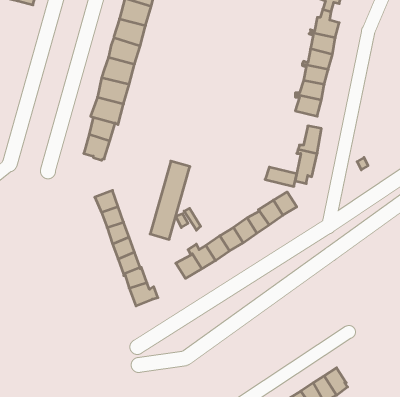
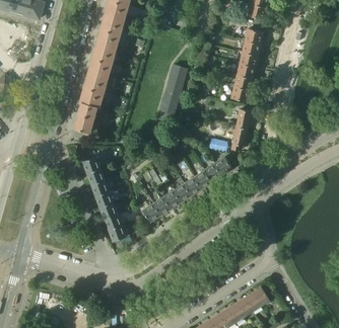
building: [150,161,190,239] -> [158,65,188,122]

